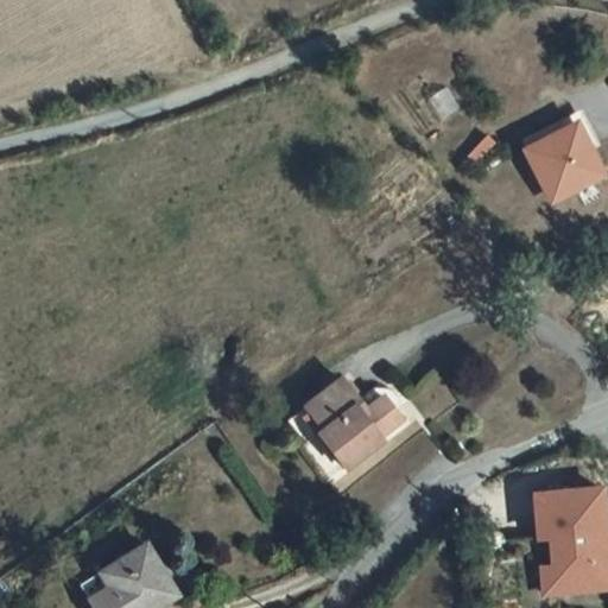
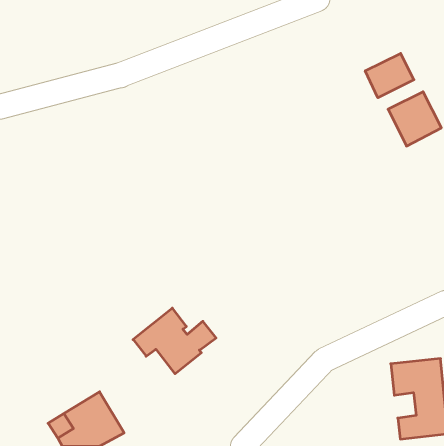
building: none -> [365,53,414,98]
building: [293,380,406,469] -> [133,308,216,374]

